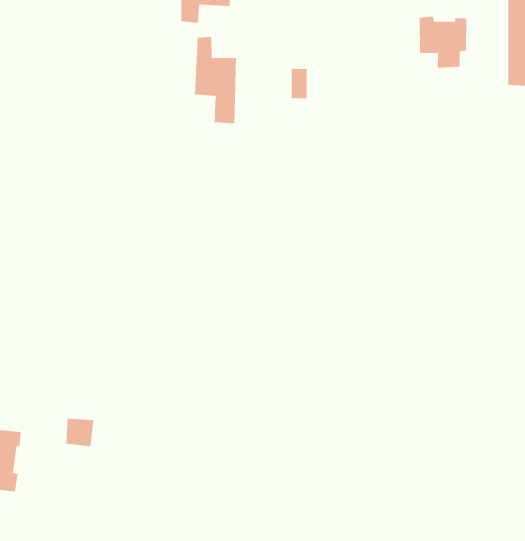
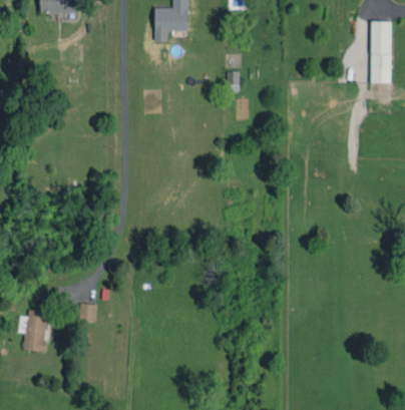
building: [419,16,467,68] -> none
building: [194,36,237,124] -> none

